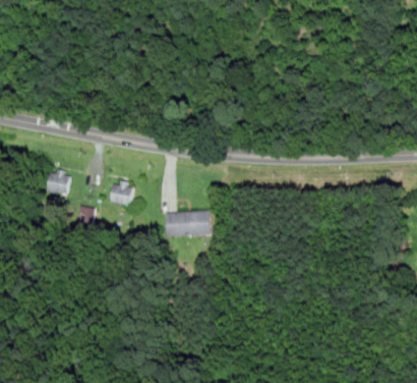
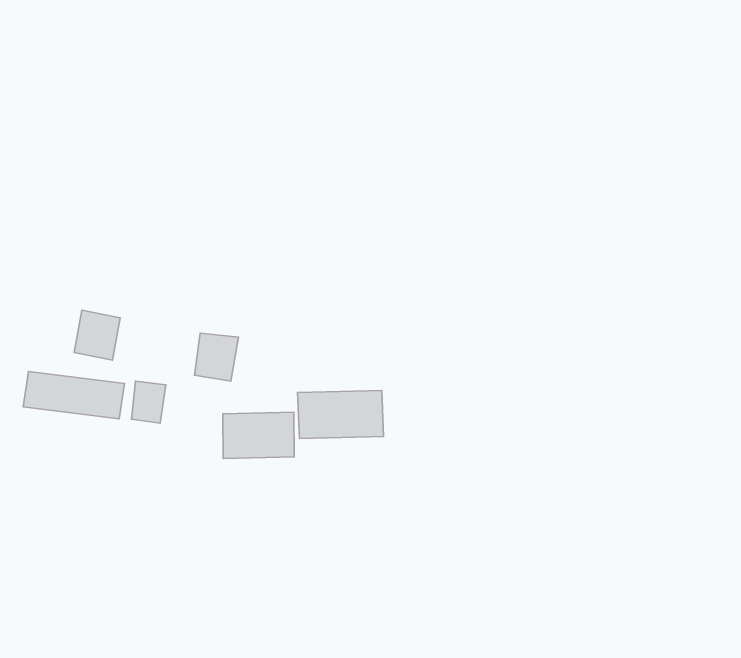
building: none -> [23,371,125,419]
building: none -> [223,412,294,458]

